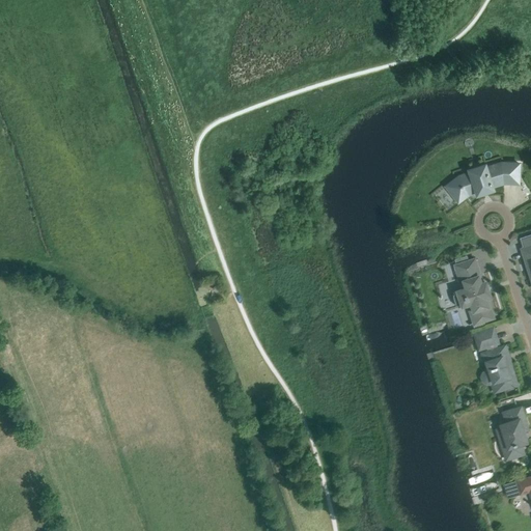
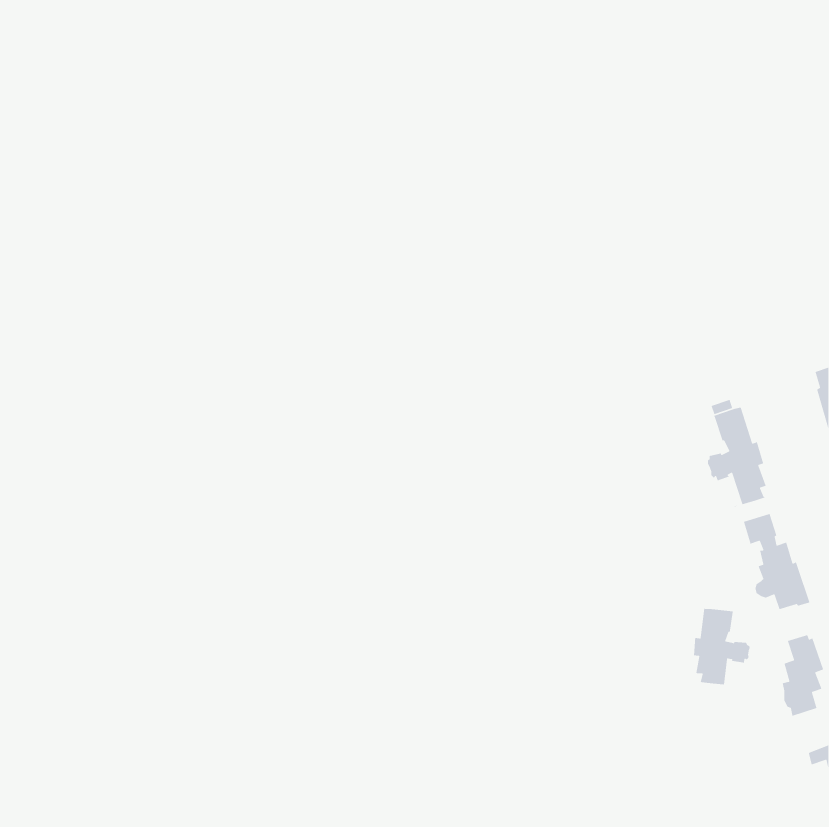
building: [446,164,519,202] -> none
building: none -> [693,608,750,686]

